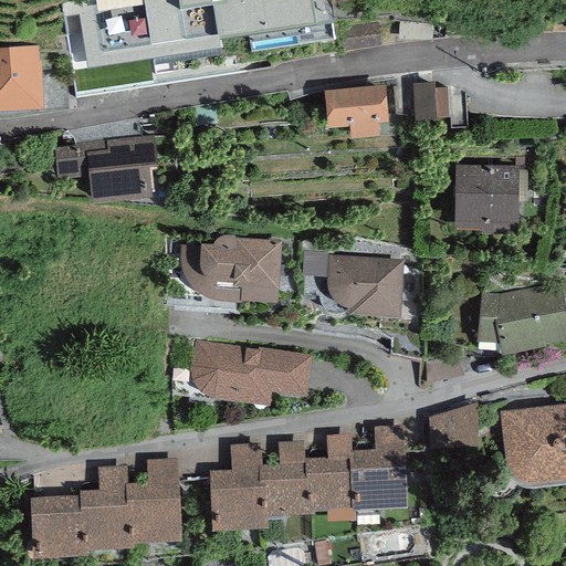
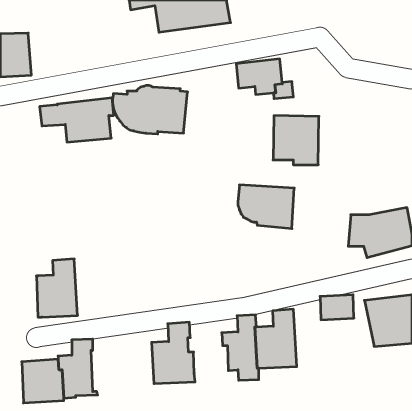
building: [419,80,453,114] -> none
building: [454,164,517,231] -> [273,116,319,165]
building: [179,235,282,302] -> [113,85,188,134]
building: [198,349,321,407] -> none
building: [258,441,313,513] -> none
building: [125,459,181,538] -> [36,259,78,317]

